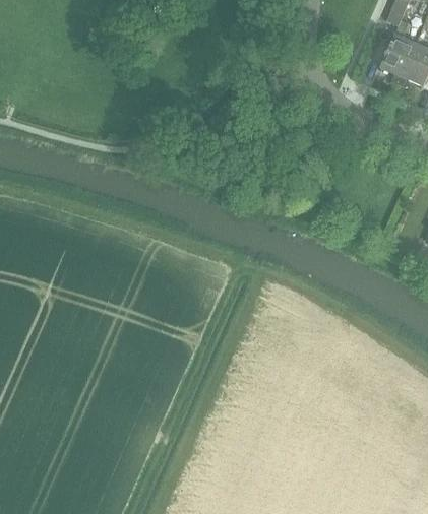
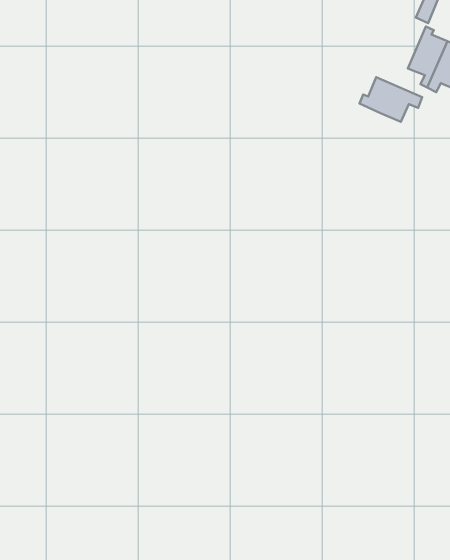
building: none -> [359,77,422,122]

